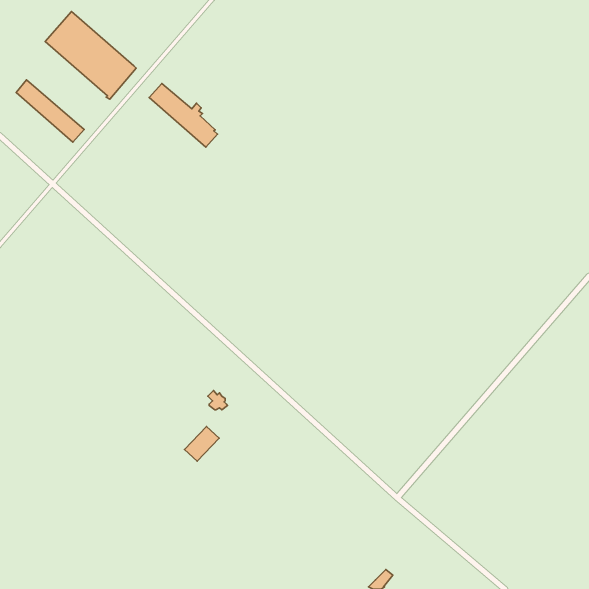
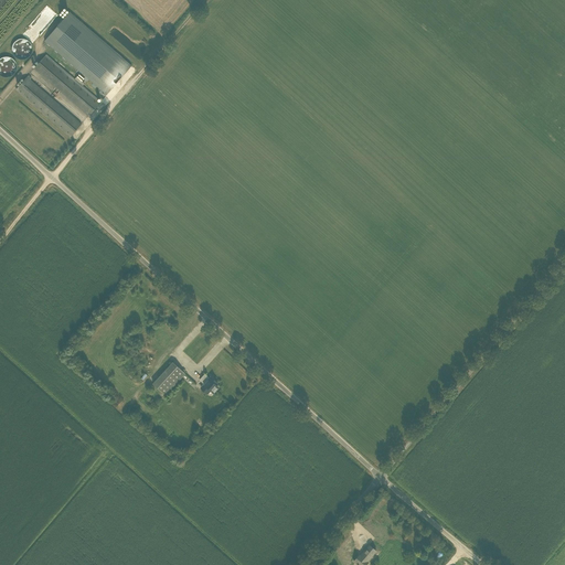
building: [149,84,217,147] -> [33,54,98,115]
building: [184,427,219,461] -> [151,361,184,394]

